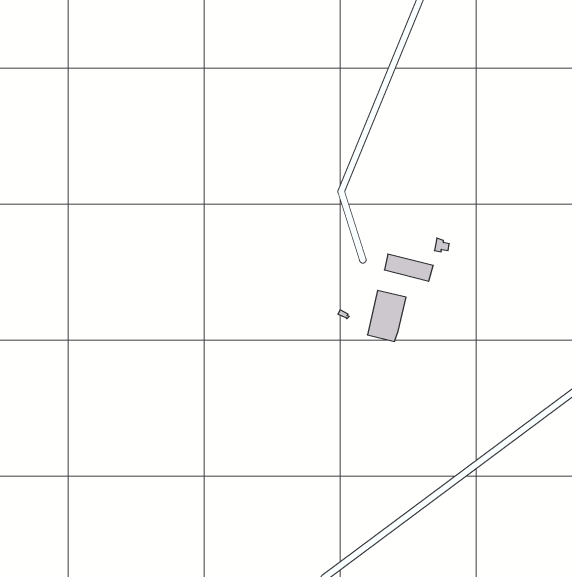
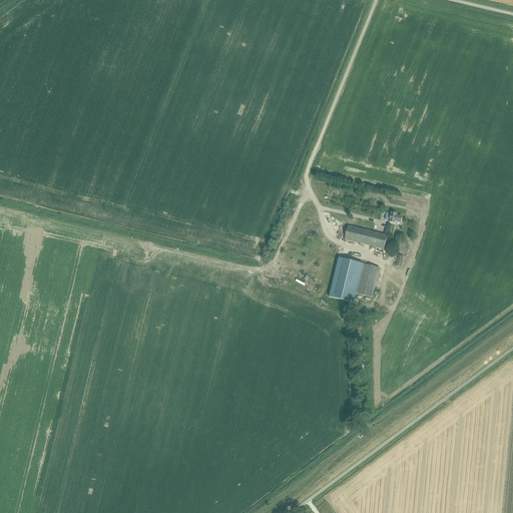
building: none -> [356,263,379,297]

